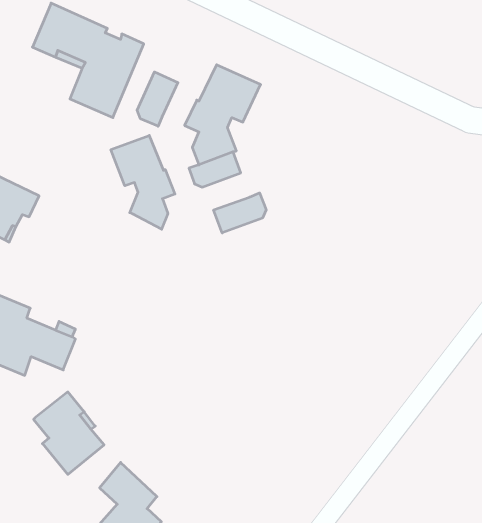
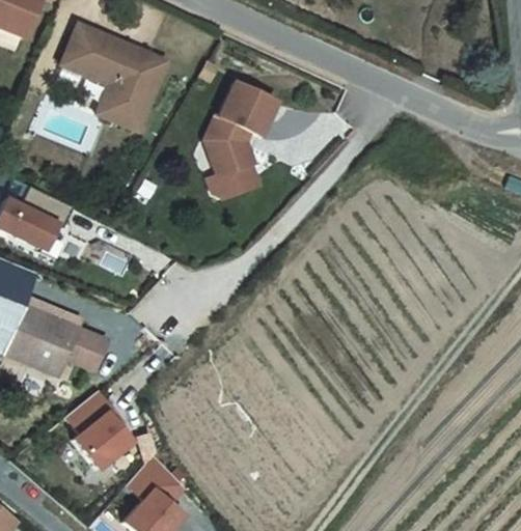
building: [137,72,178,126] -> none
building: [111,135,175,229] -> none
building: [214,193,266,233] -> none

